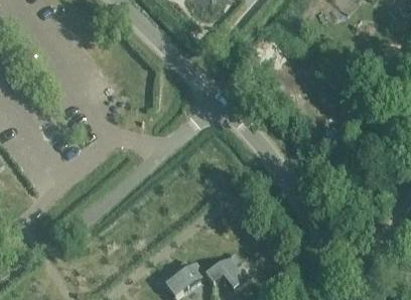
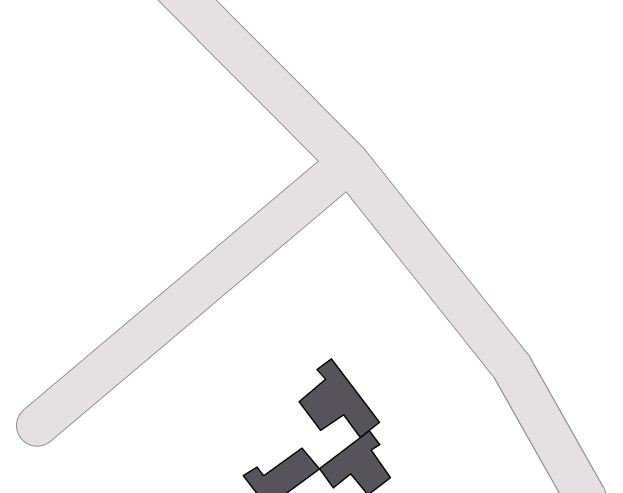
building: none -> [299,359,380,438]

